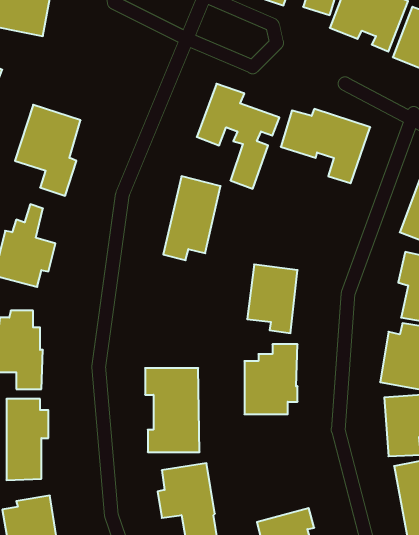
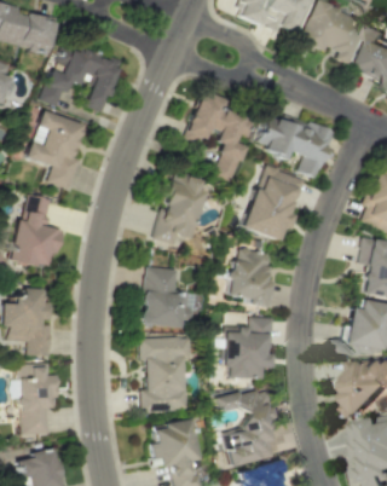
building: none -> [40,46,122,112]
building: none -> [239,166,301,241]
building: none -> [139,266,195,329]
building: none -> [215,388,277,464]

